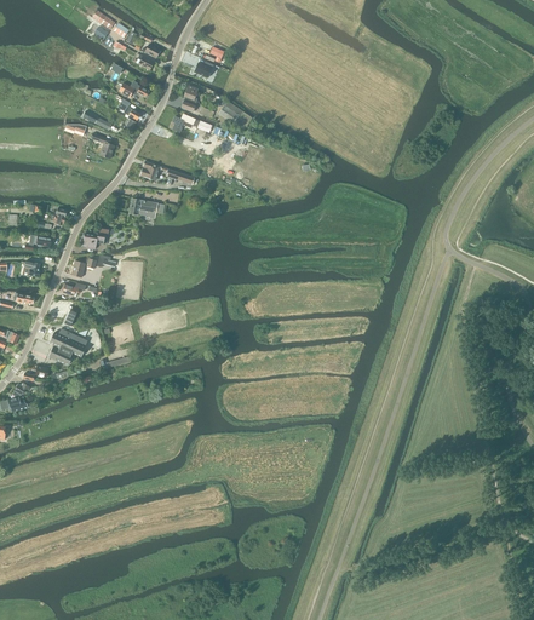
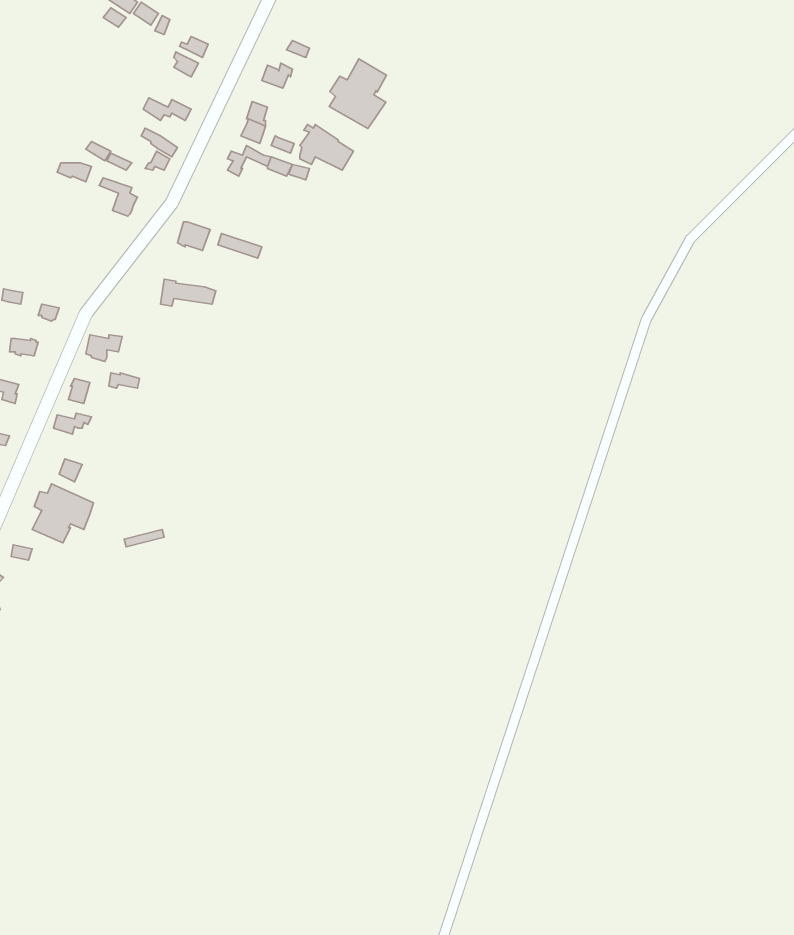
building: none -> [329,59,386,129]

